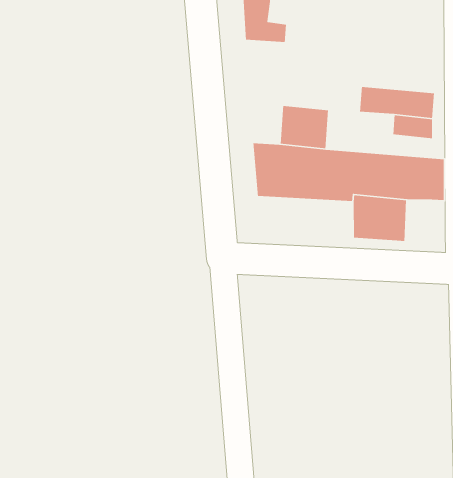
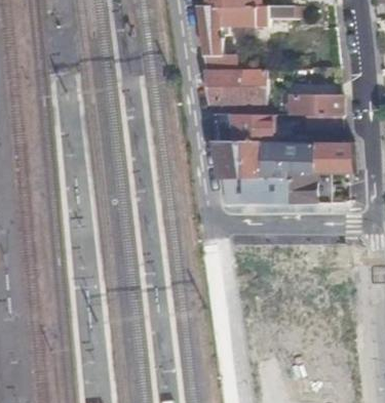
building: none -> [204,69,266,102]
building: none -> [221,177,291,203]

